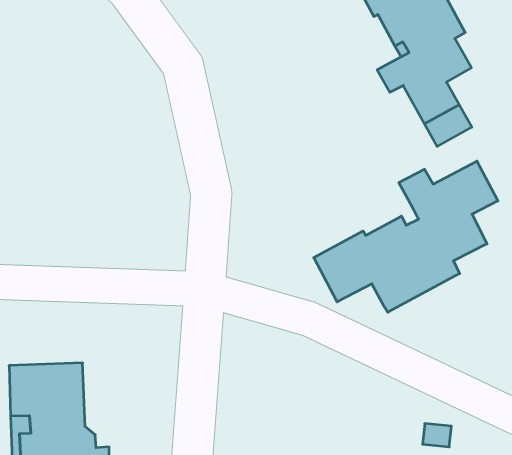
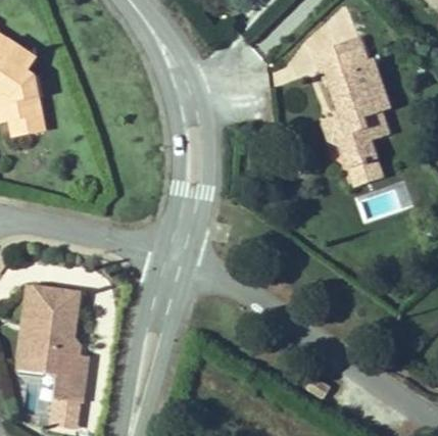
building: [314,161,498,312] -> none

